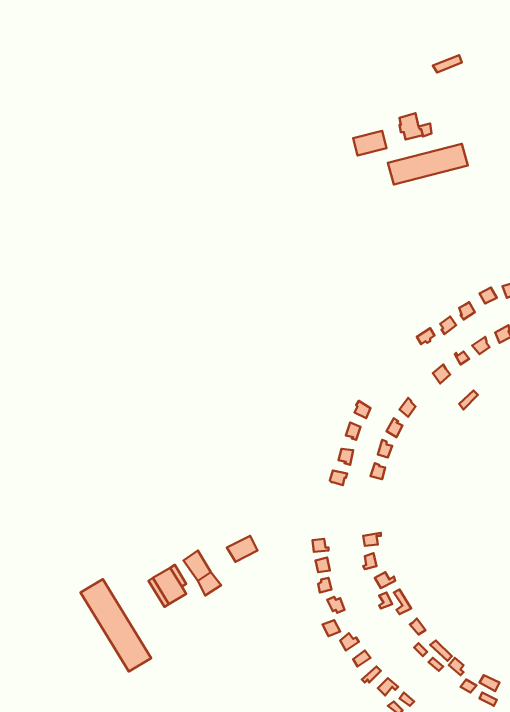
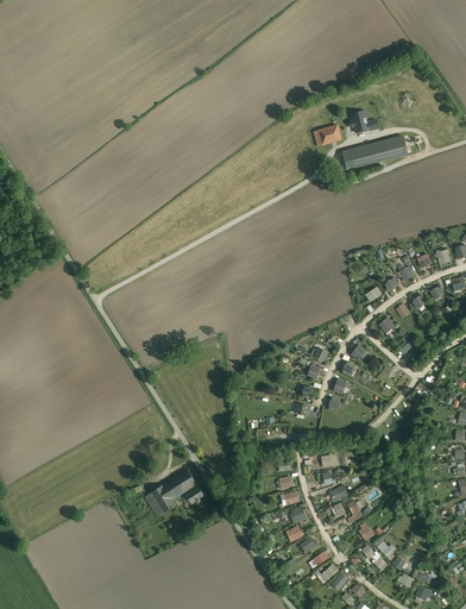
building: [81,579,151,672] -> none

